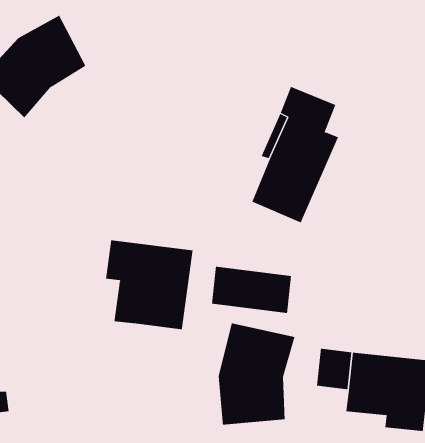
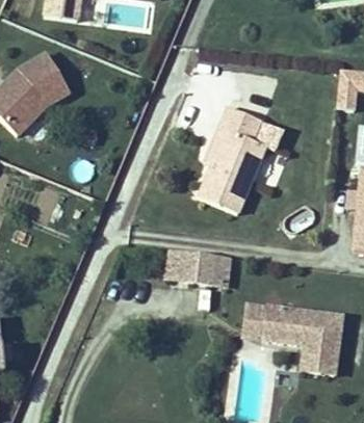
building: [106,240,193,330] -> none
building: [218,322,295,425] -> none

